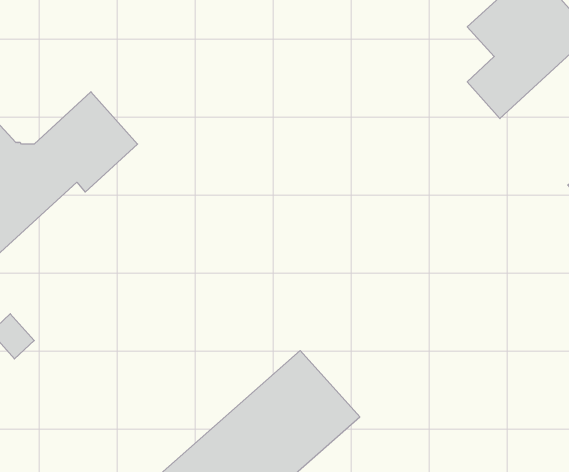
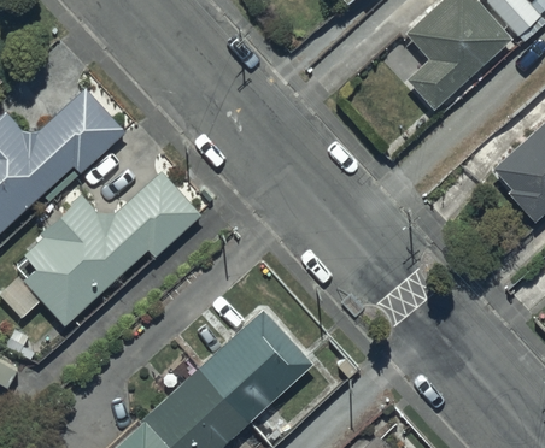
building: none -> [23,171,201,326]

